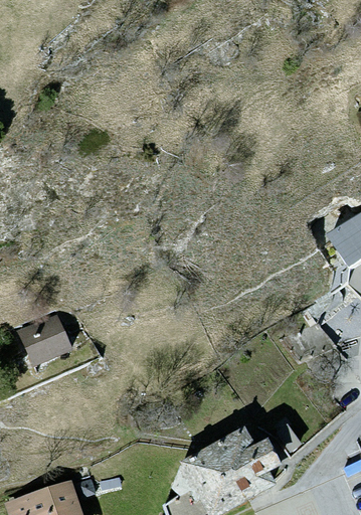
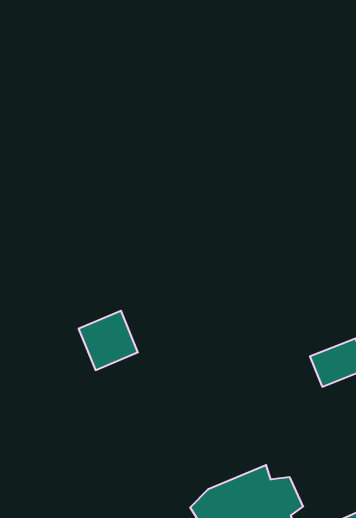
building: [17,316,70,369] -> [79,311,138,370]

